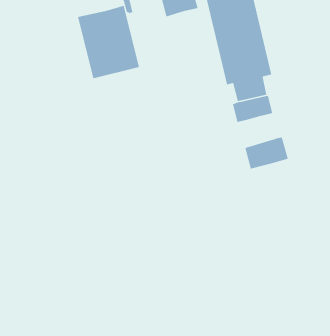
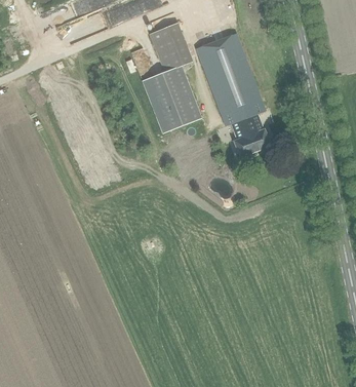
building: [77,5,140,79] -> [141,64,201,132]
building: [244,137,289,170] -> none

